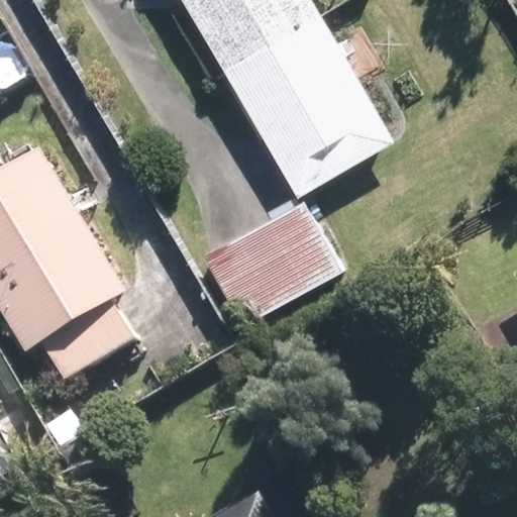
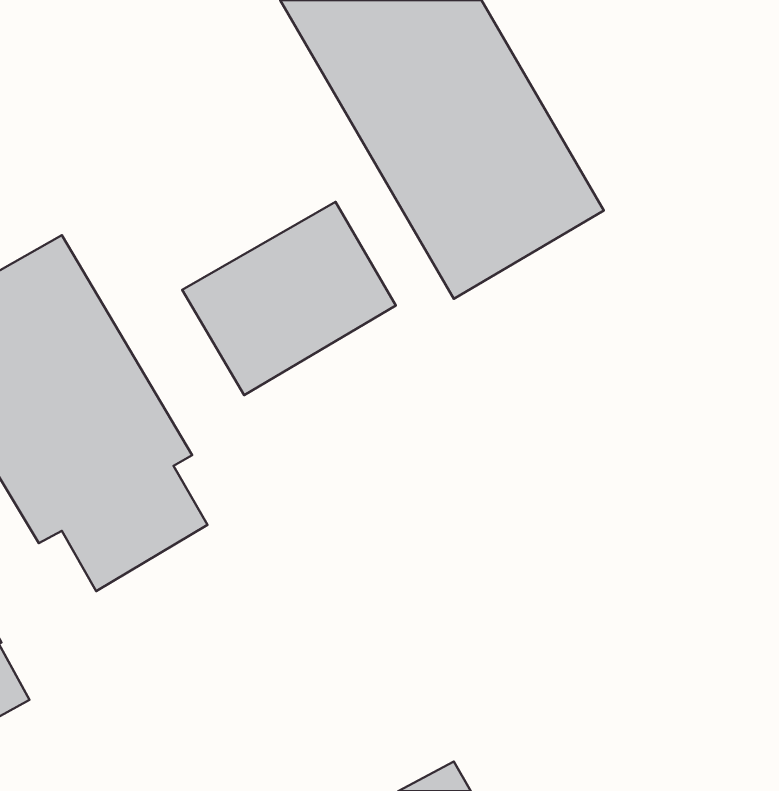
building: [202,200,341,326] -> [182,202,396,395]

